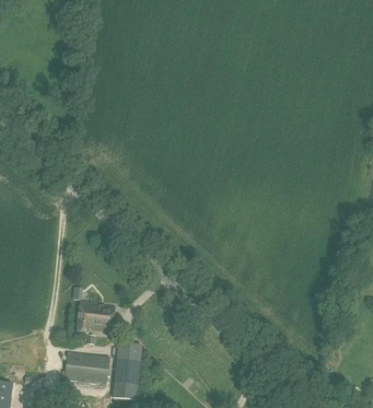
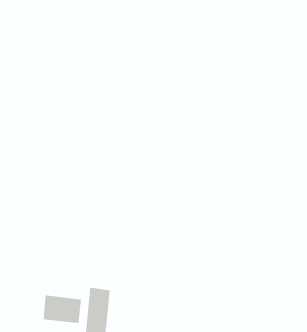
building: [74,301,113,333] -> none

